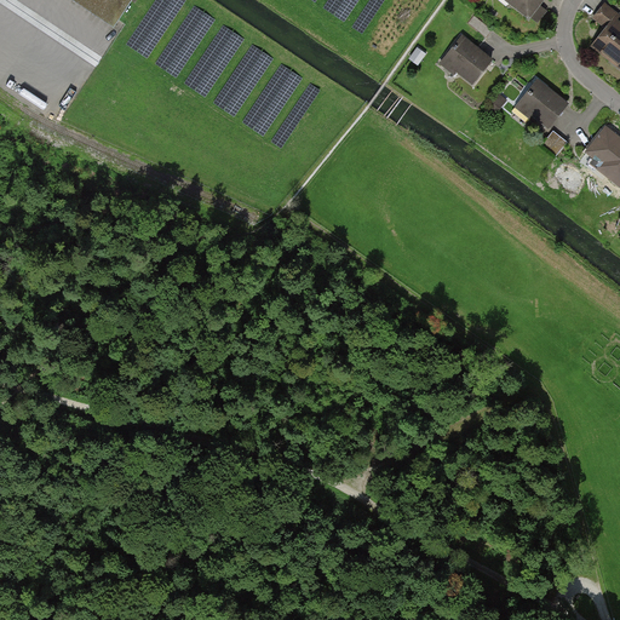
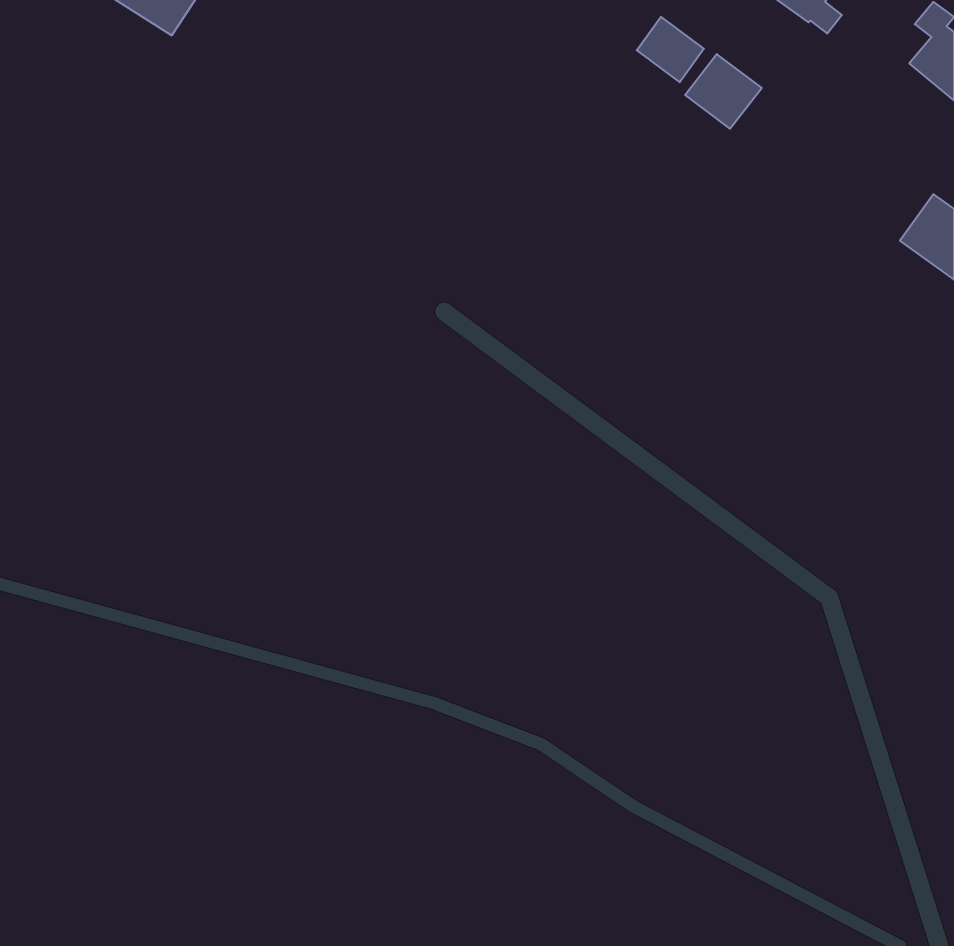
building: none -> [637,17,704,82]
building: [518,79,568,127] -> none

